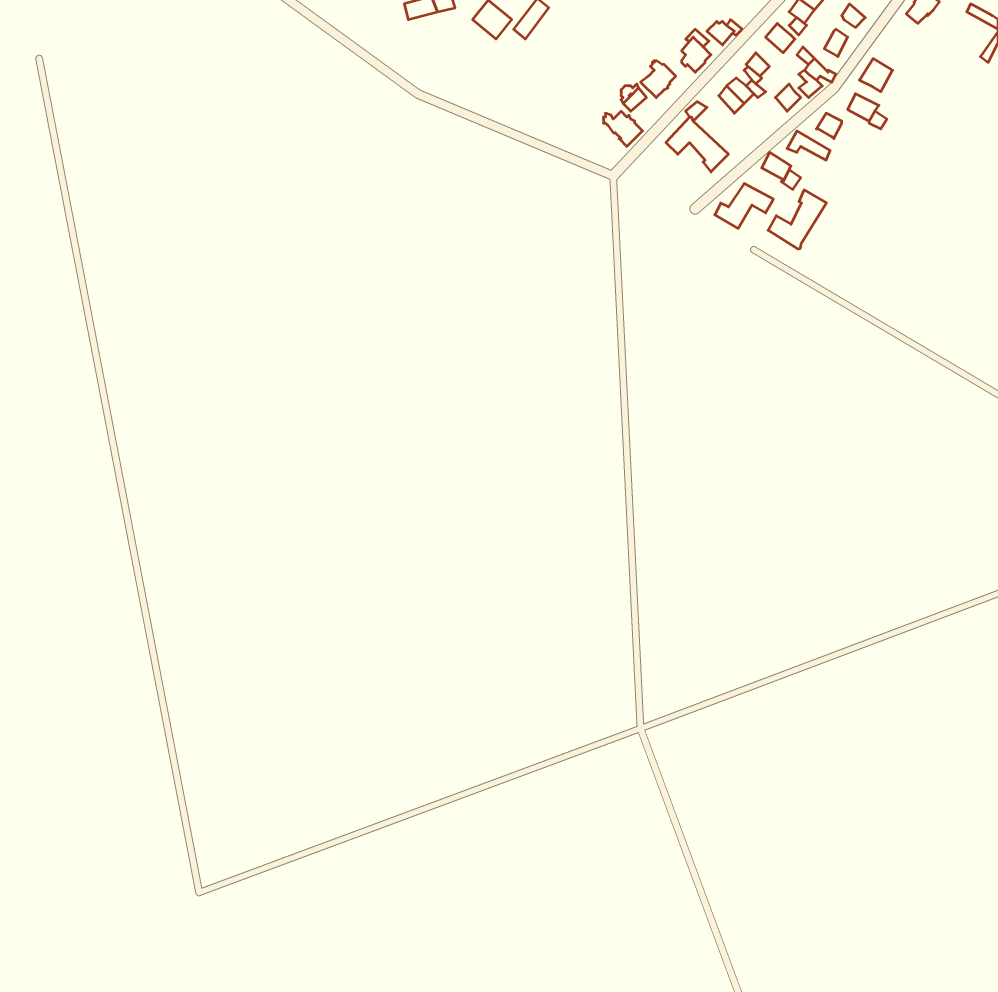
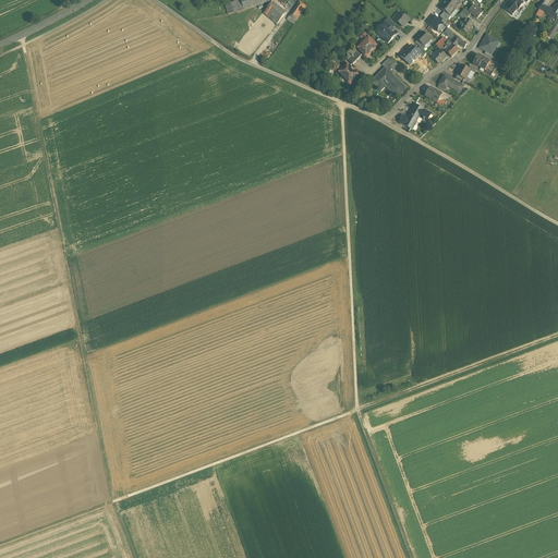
building: [768,190,826,249] -> none

